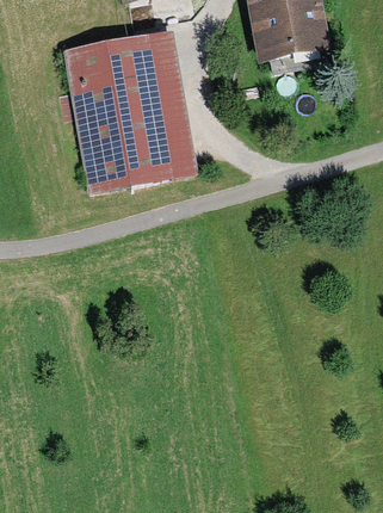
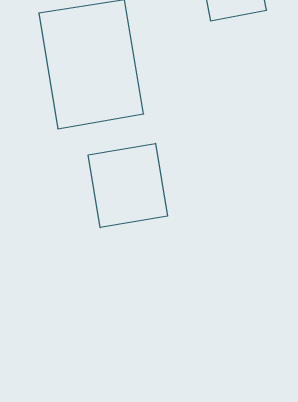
building: none -> [88,143,168,228]

